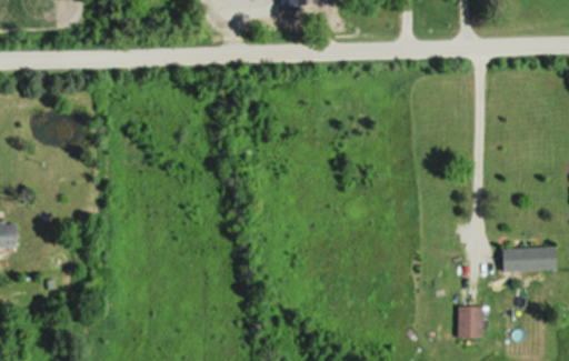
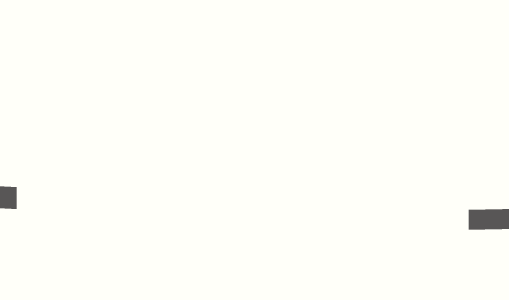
building: [458,307,482,339] -> none

